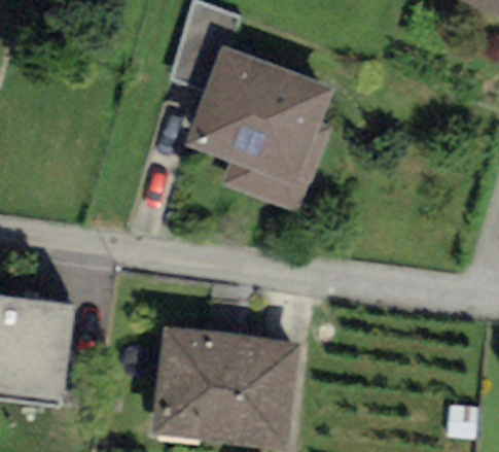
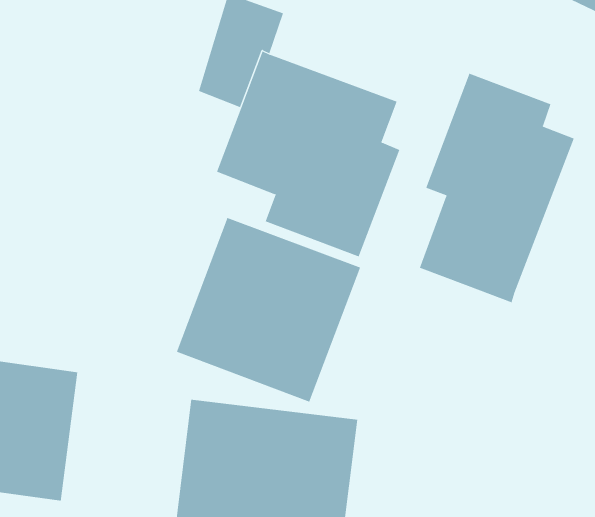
building: none -> [419,73,575,303]
building: none -> [176,217,361,402]

